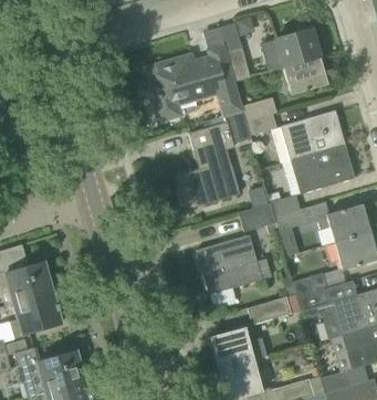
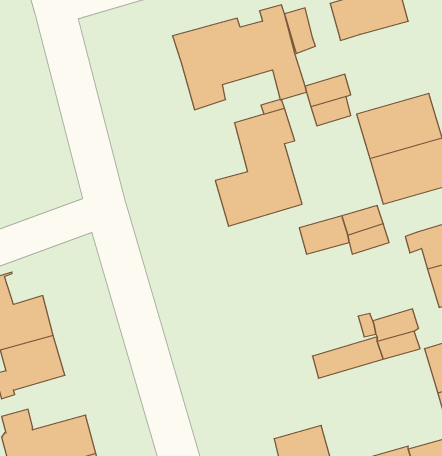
building: [283,56,328,95] -> none
building: [196,234,271,294] -> none
building: [210,327,266,369] -> none

